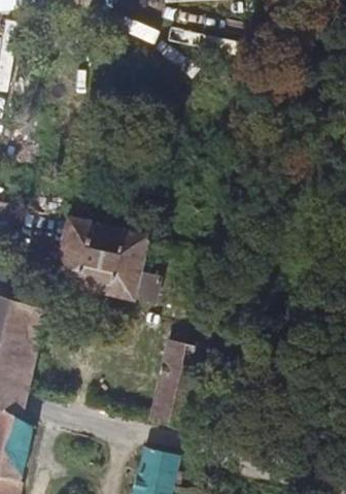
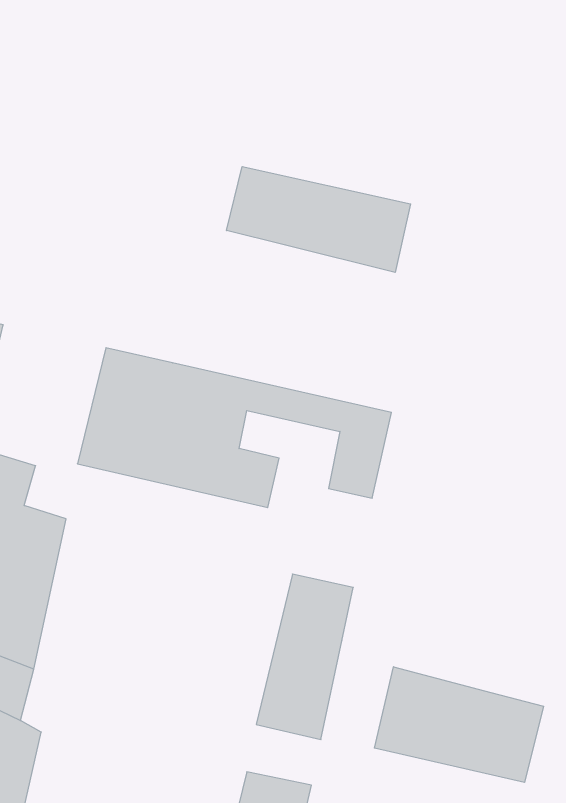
building: none -> [227,167,411,272]
building: none -> [374,667,543,782]

